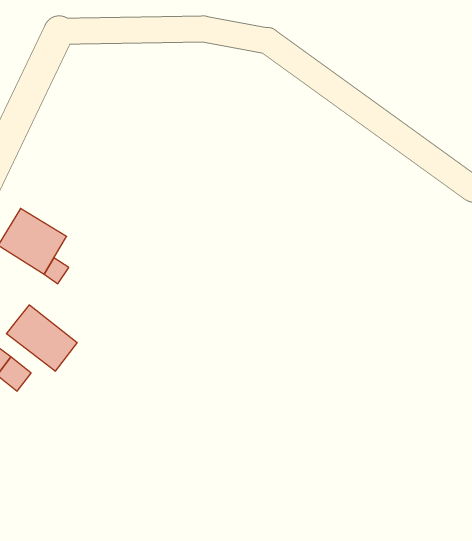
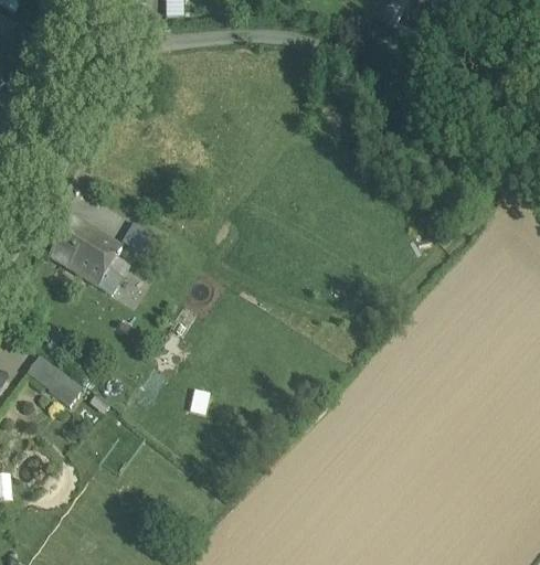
building: [6,305,77,371] -> none

